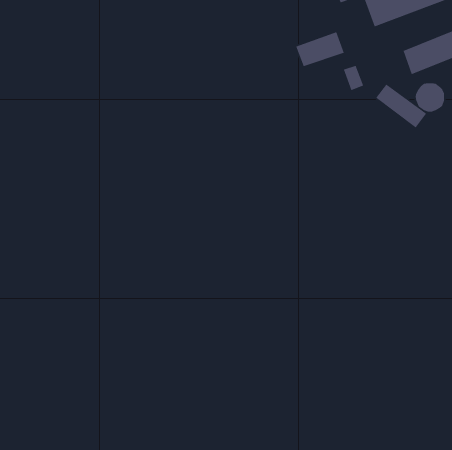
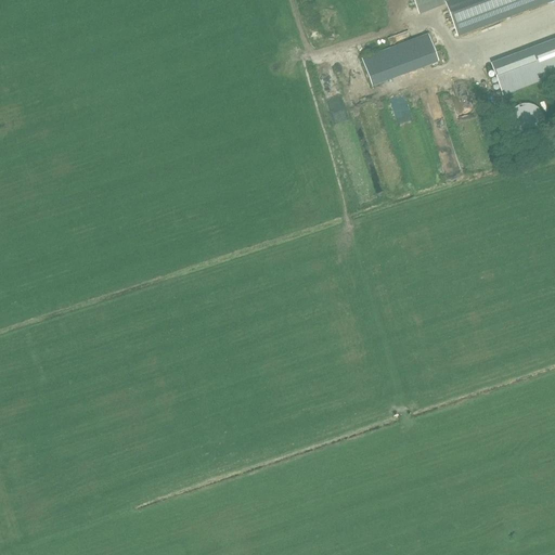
building: [343,65,364,91] -> [413,33,439,65]
building: [375,84,427,128] -> none

